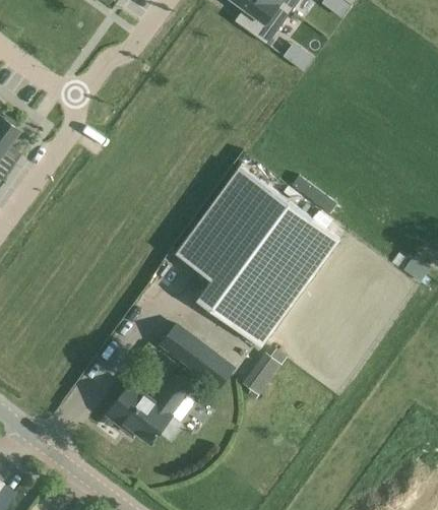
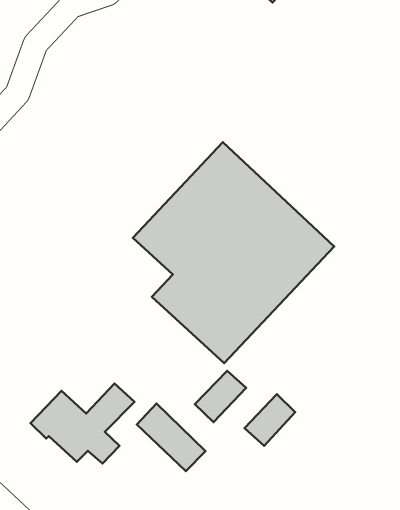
building: [162,325,221,378] -> [137,404,205,471]
building: none -> [245,394,295,446]

